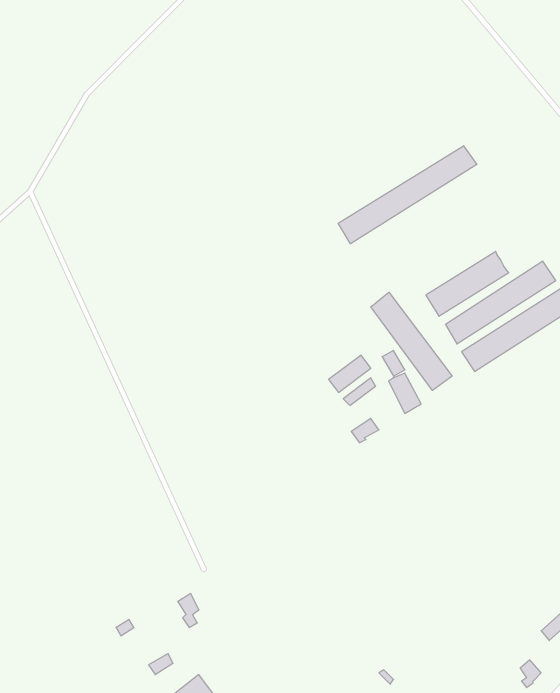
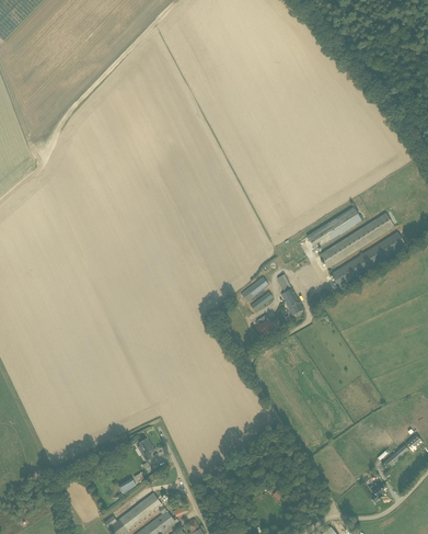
building: [338,146,477,244] -> none
building: [371,292,452,390] -> none

